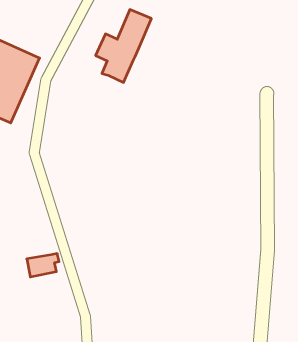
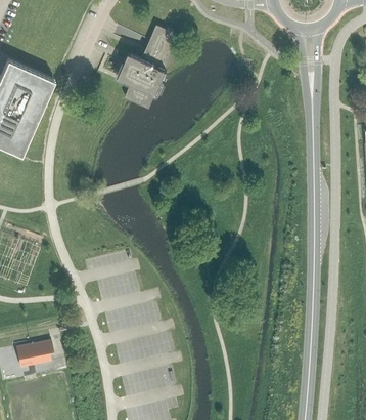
building: [27,254,59,277] -> [16,340,53,367]

